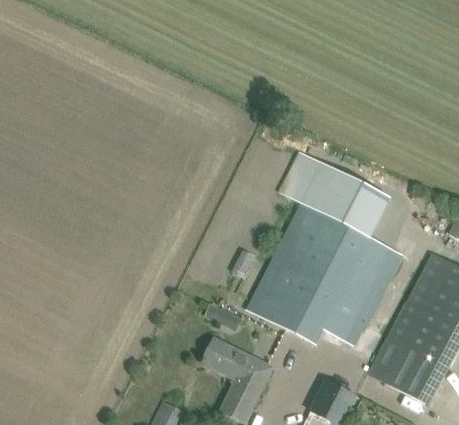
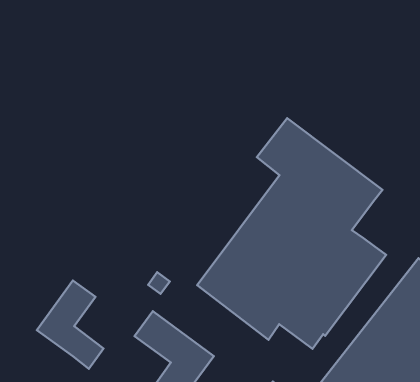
building: none -> [37,281,104,369]

